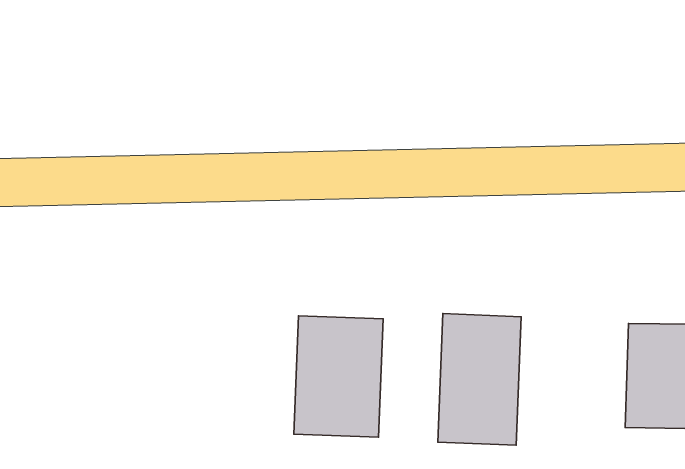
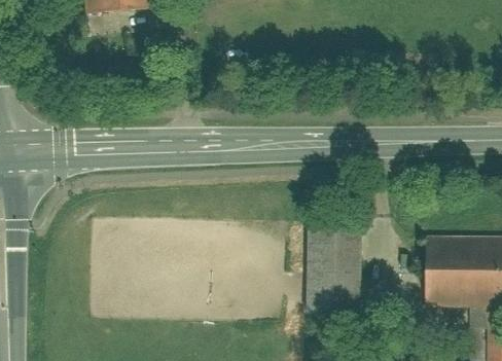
building: [294,316,383,437] -> none

